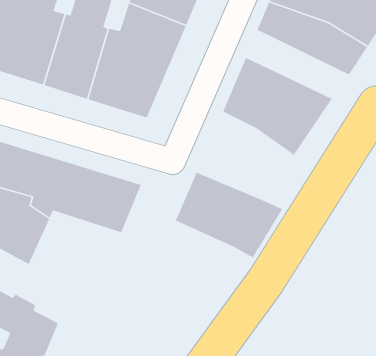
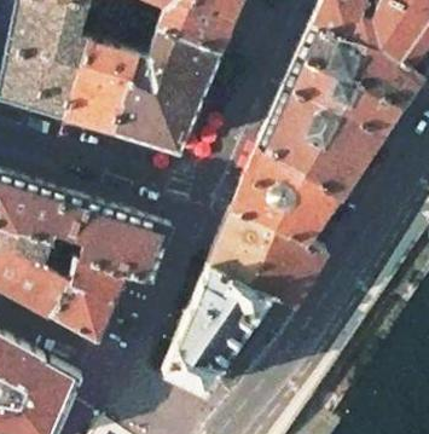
building: none -> [284,58,398,133]
building: none -> [230,147,337,244]
building: none -> [47,256,126,342]
building: none -> [161,267,271,397]

